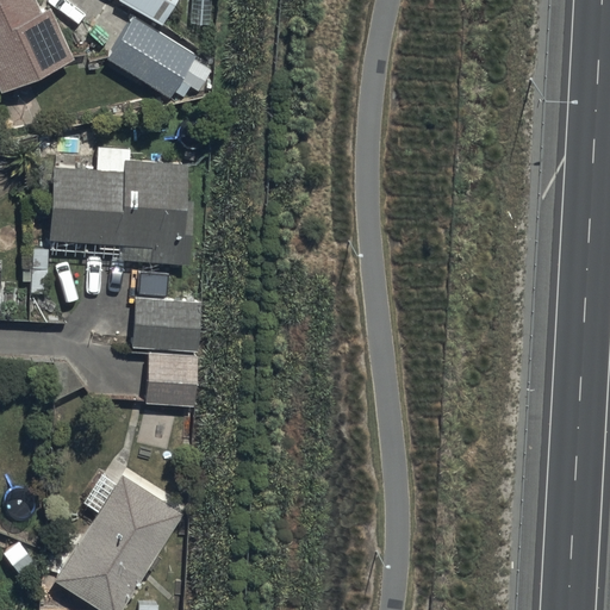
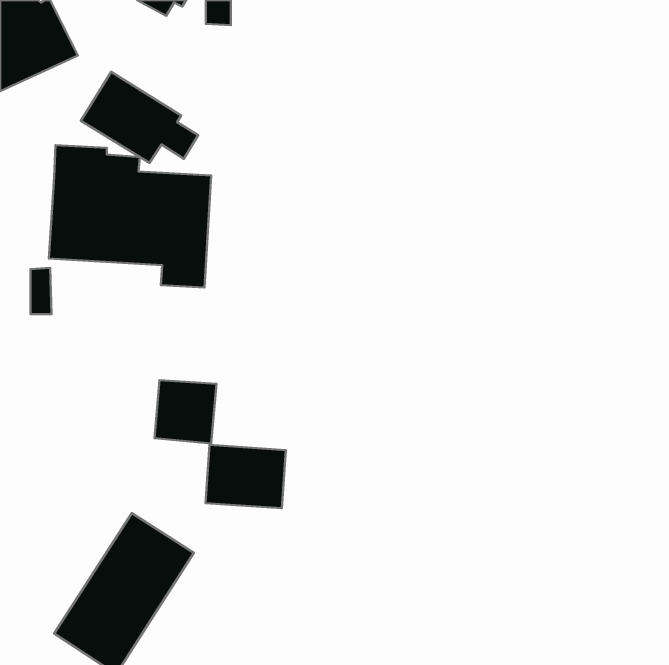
building: [107,18,213,100] -> [81,72,198,163]
building: [131,298,204,355] -> [205,445,286,508]

